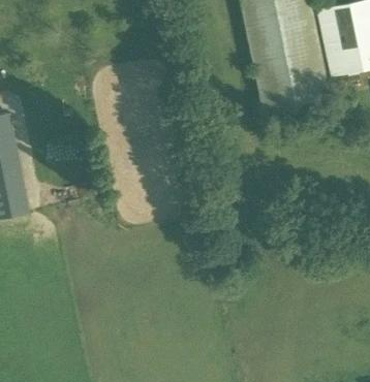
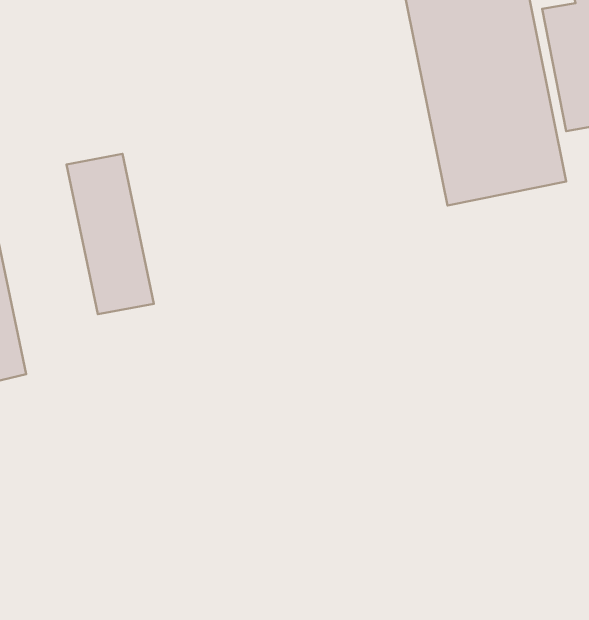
building: none -> [66,154,154,314]

